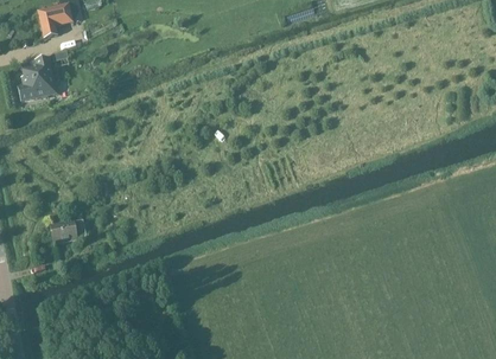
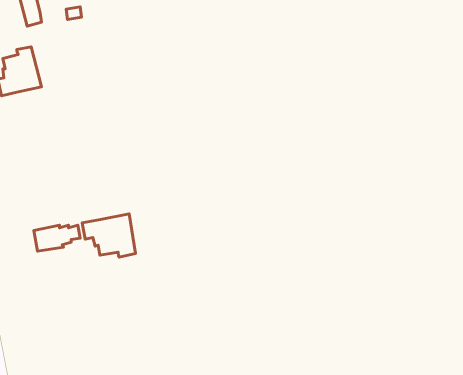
building: none -> [82,214,135,257]

